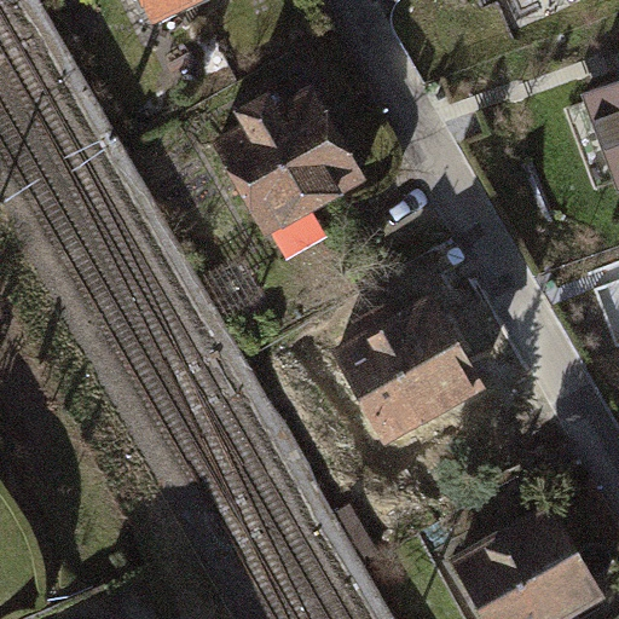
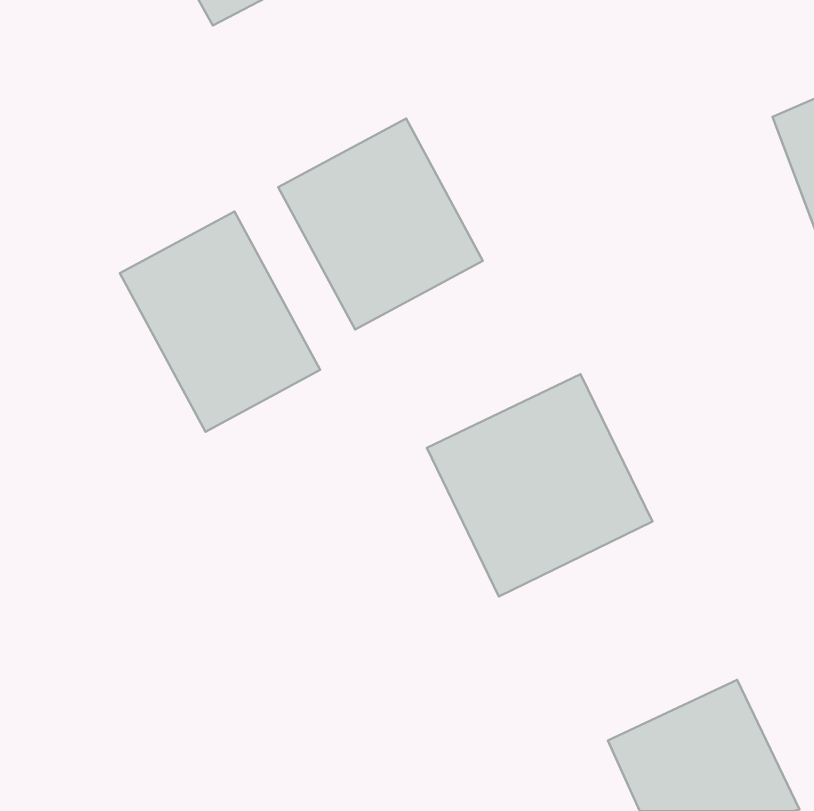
building: none -> [120,211,320,432]

